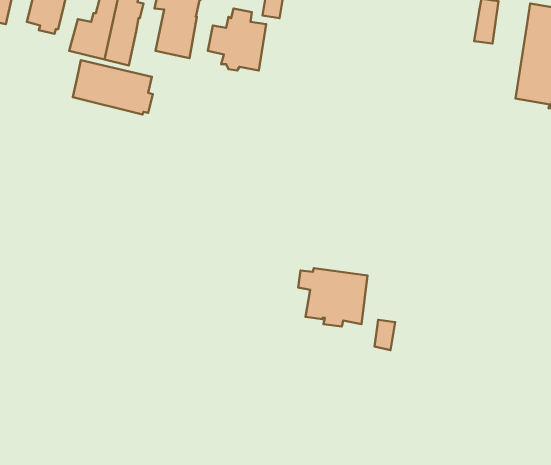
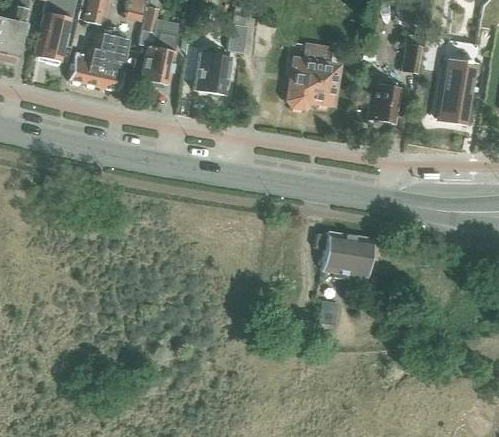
building: none -> [288,43,338,107]
building: none -> [368,85,399,123]
building: [73,60,153,114] -> none
building: [298,268,367,326] -> [314,231,371,279]

